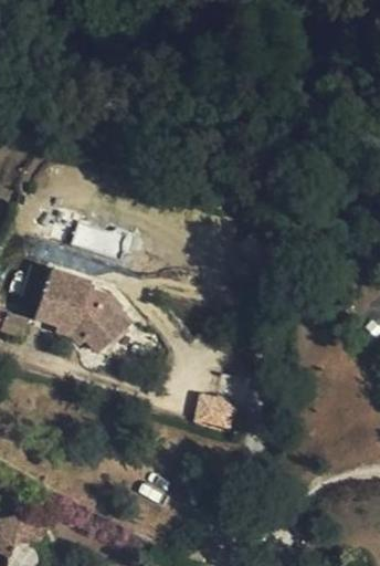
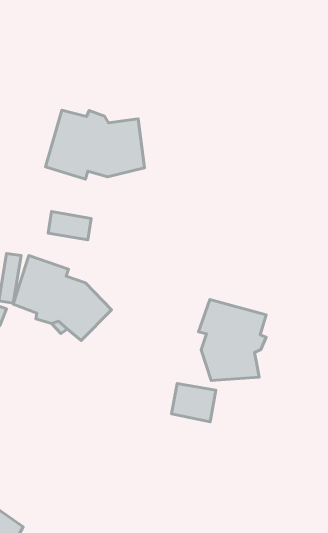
building: none -> [46,110,145,179]
building: none -> [198,299,266,381]

